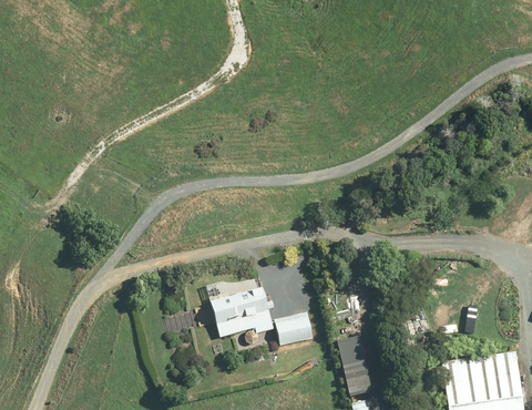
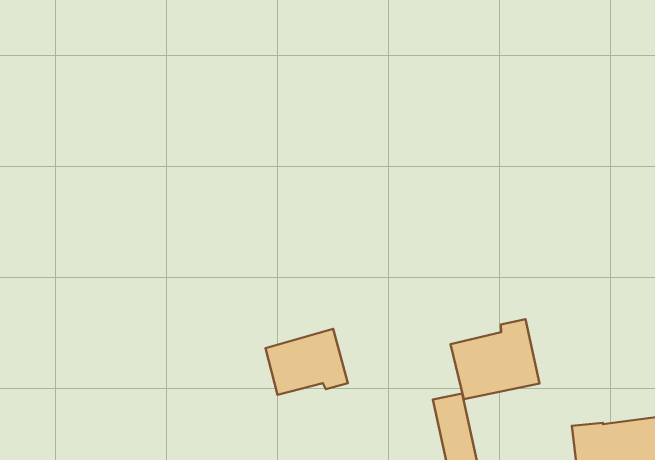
building: none -> [451,319,540,399]
building: [275,312,314,345] -> none

